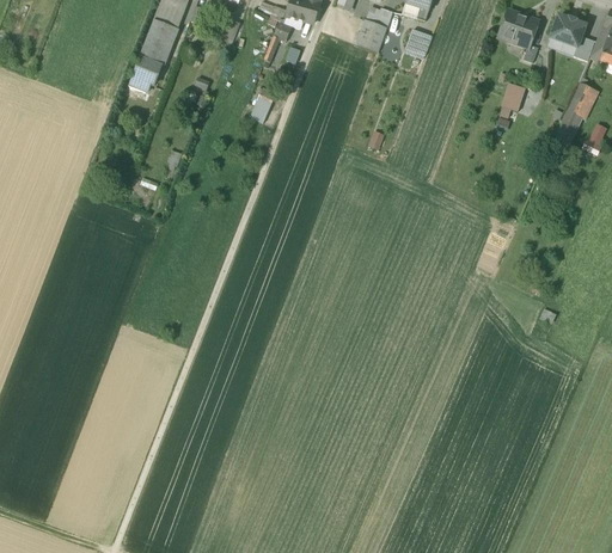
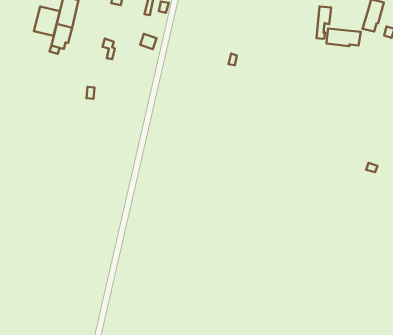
building: none -> [34,7,60,36]
building: none -> [326,28,361,46]

